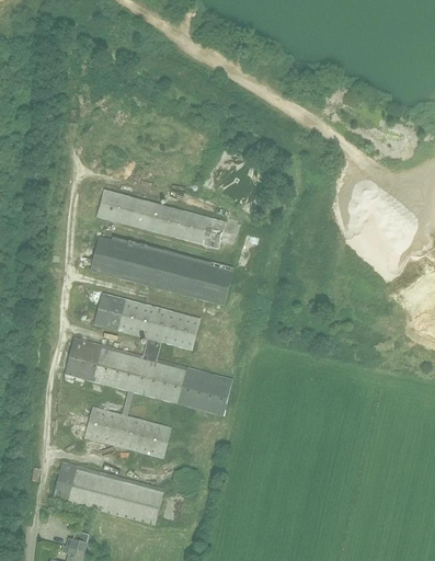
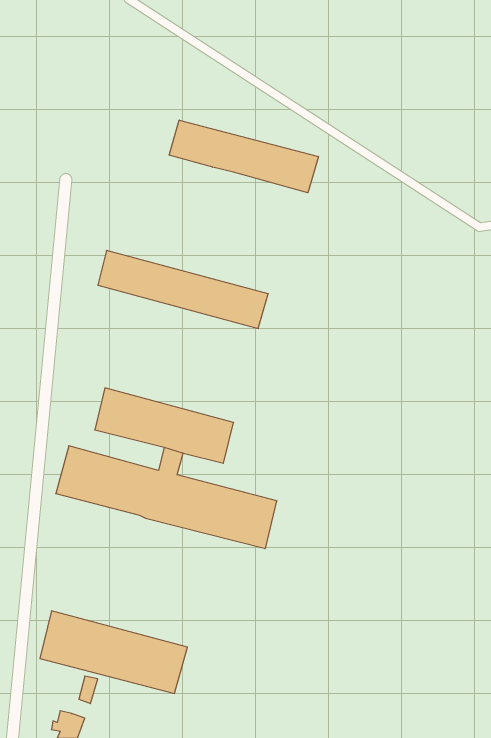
building: none -> [169,120,318,193]
building: [91,236,230,302] -> none
building: [84,390,171,459] -> none

